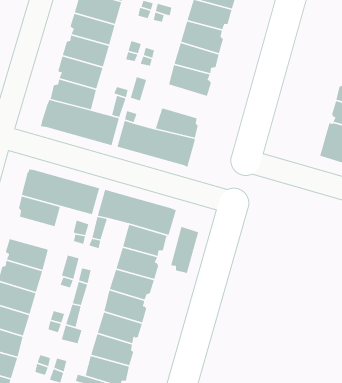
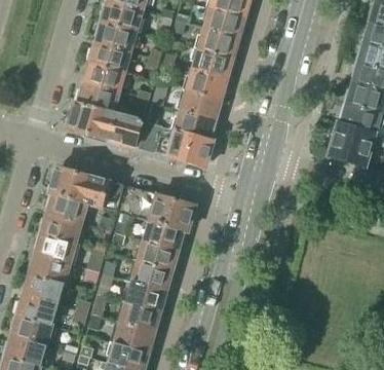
building: none -> [183,89,224,120]
building: none -> [38,214,81,244]
building: [170,226,199,274] -> none

